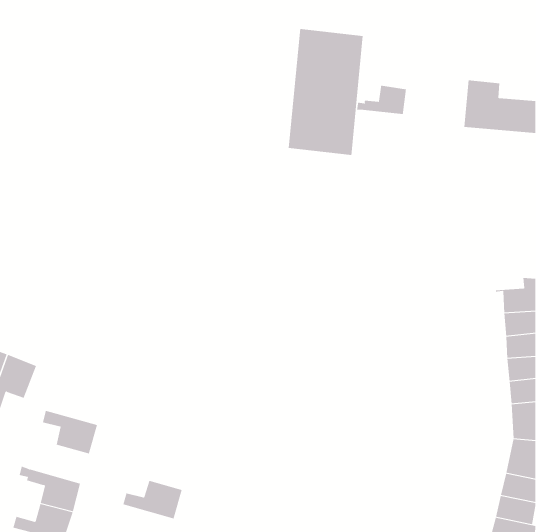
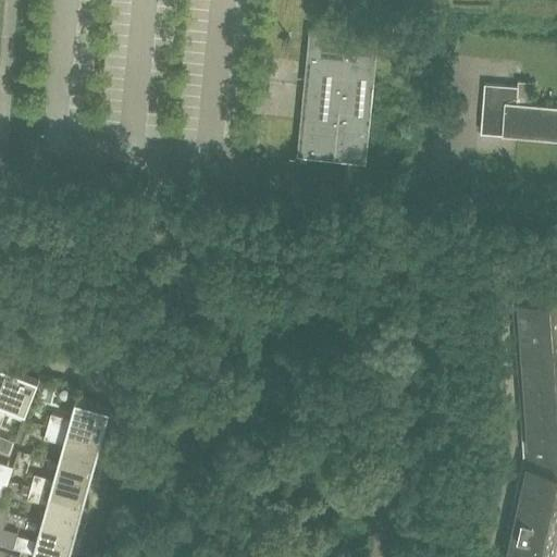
building: [356,85,407,115] -> none
building: none -> [47,405,109,445]
building: [123,480,183,519] -> [30,466,92,506]

